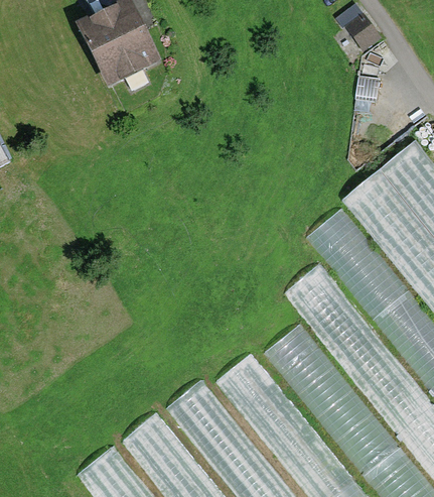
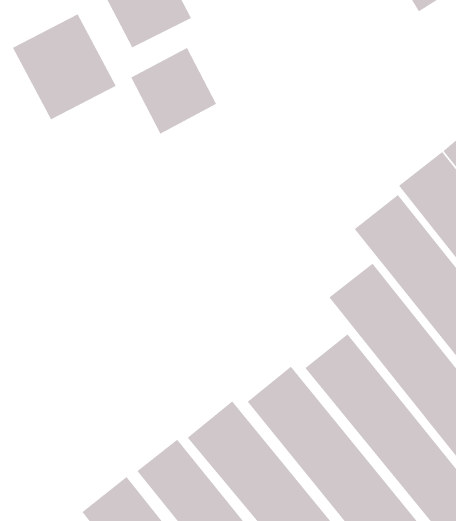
building: none -> [12,13,117,120]
building: none -> [131,47,217,134]

